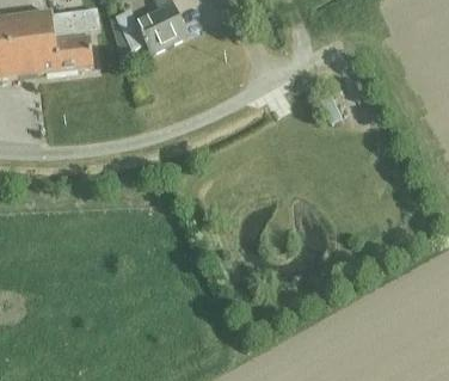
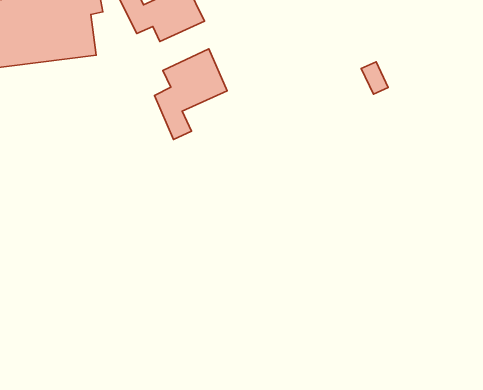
building: none -> [155,49,227,140]

